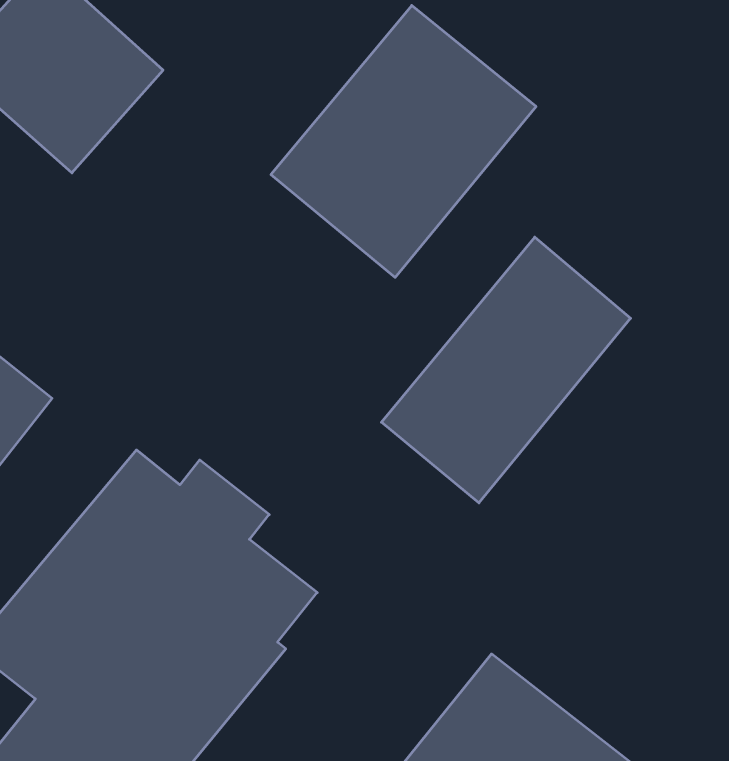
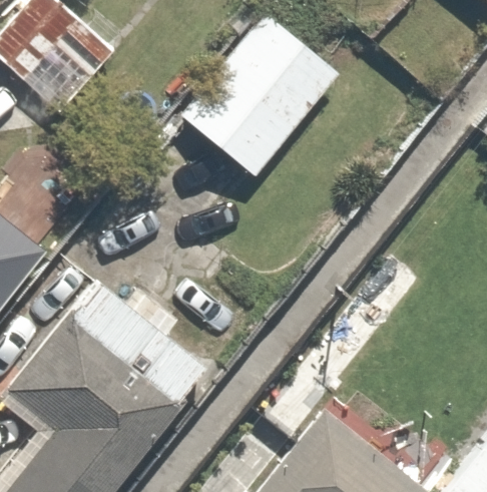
building: [381,237,631,503] -> none

